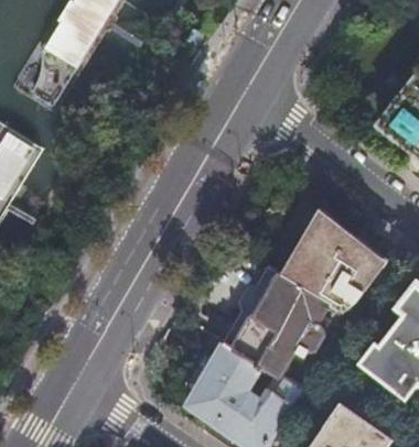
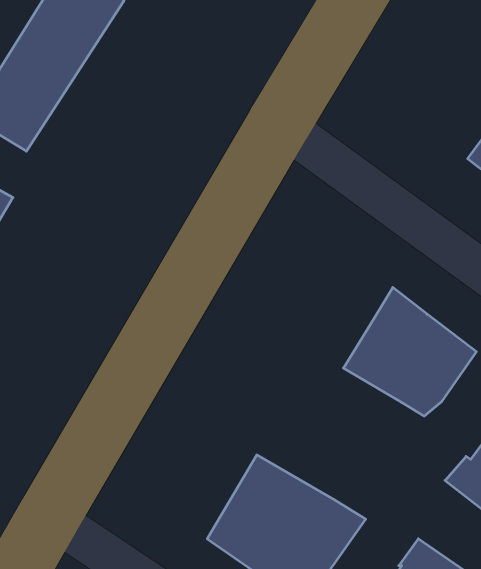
building: [223,264,330,373] -> none

